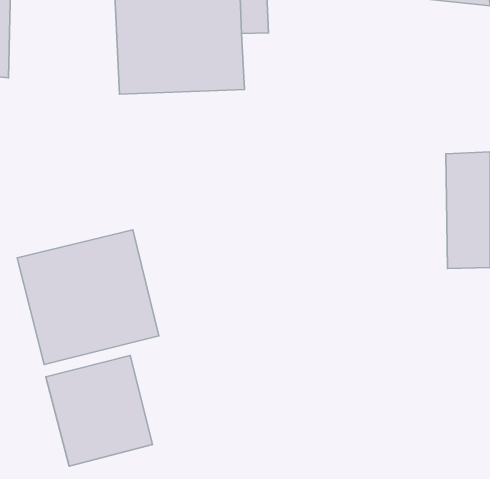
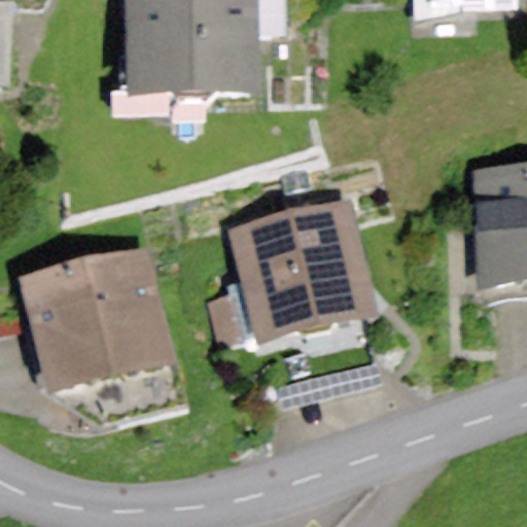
building: none -> [229,198,376,346]
building: [46,356,152,466] -> none

